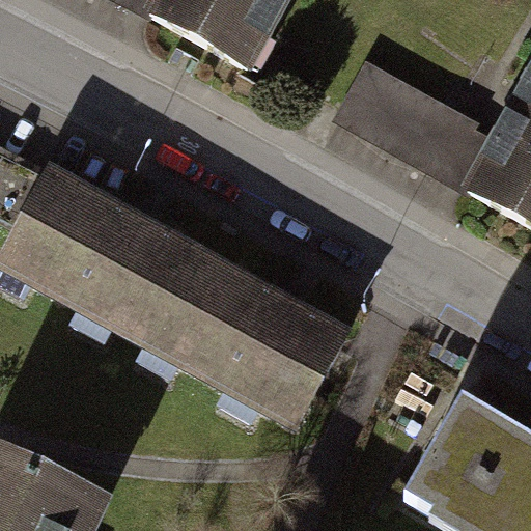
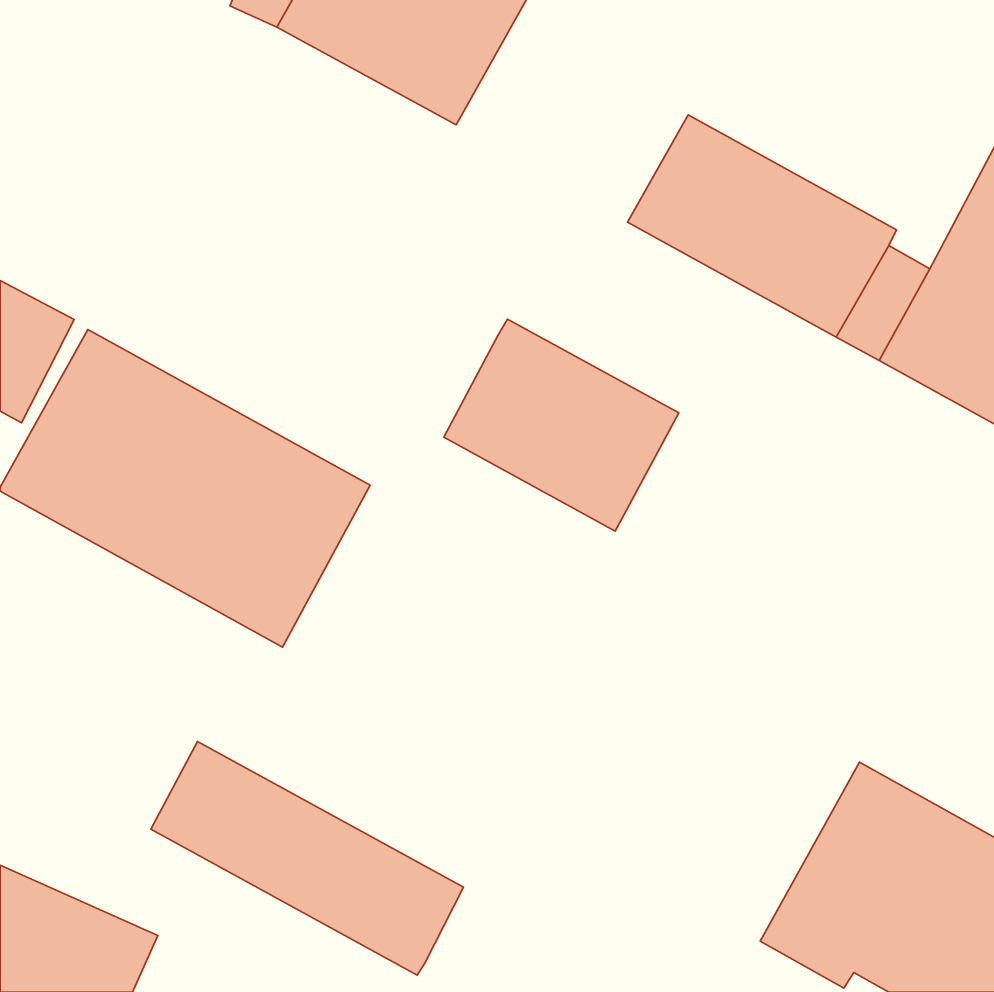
building: none -> [444,319,679,531]
building: [151,258,344,424] -> none
building: none -> [151,741,464,975]

